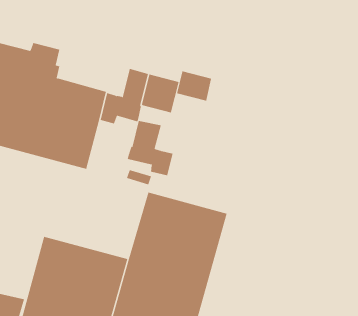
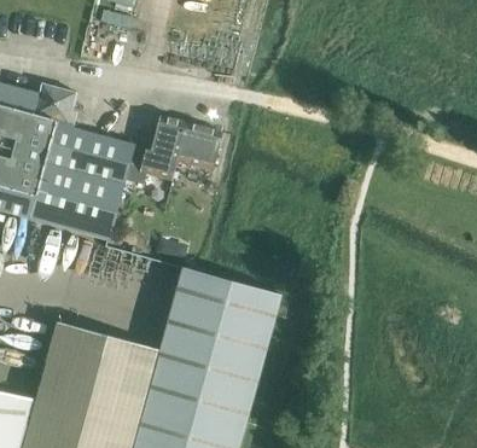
building: [176,71,212,101] -> none
building: [127,120,173,176] -> none

